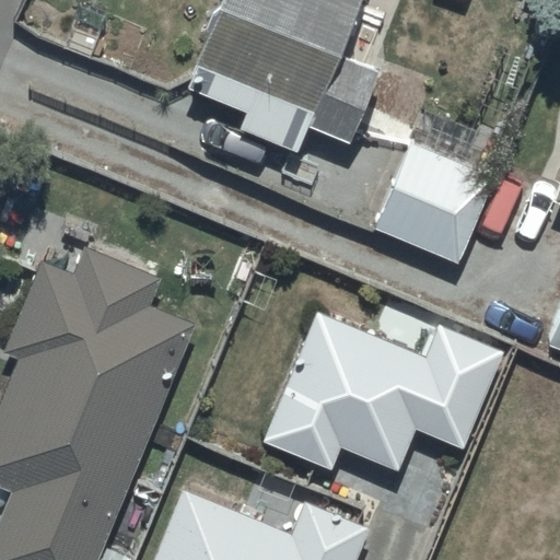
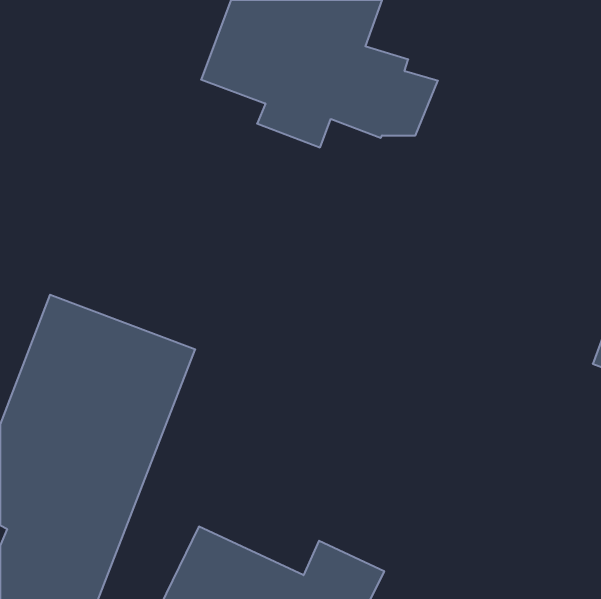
building: [377,136,500,260] -> none
building: [259,313,491,467] -> none

